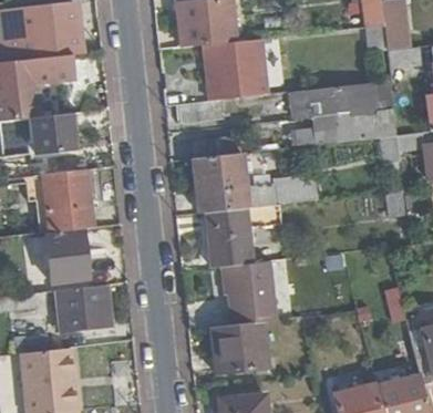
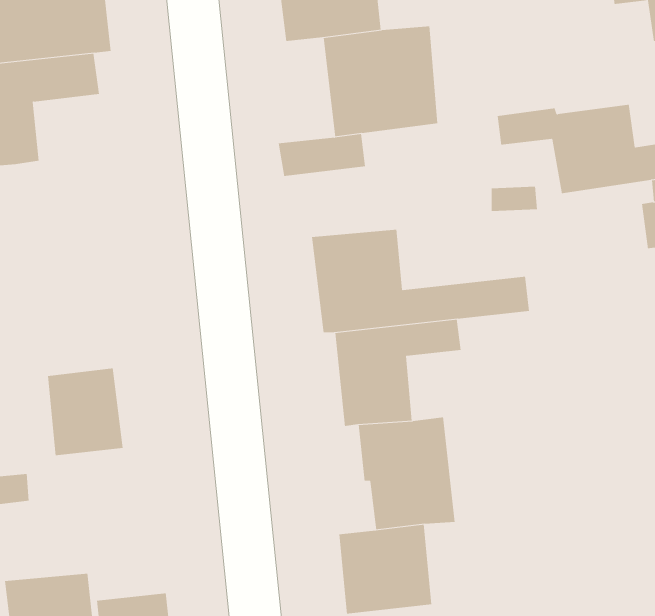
building: [28,113,76,156] -> none
building: [42,169,92,233] -> none
building: [59,285,114,331] -> none

